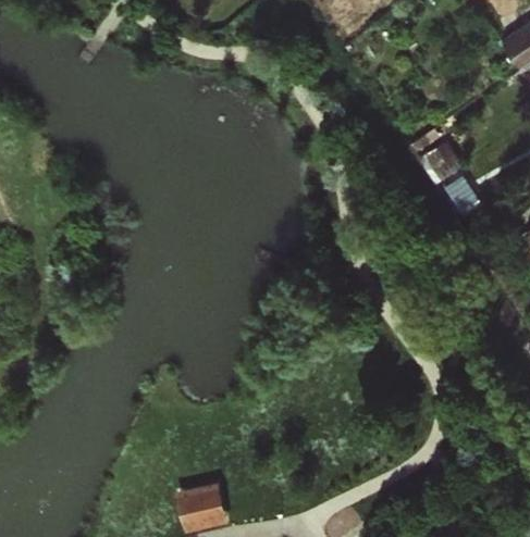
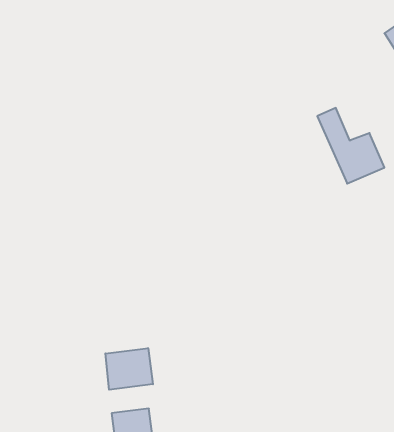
building: none -> [105,348,153,390]

